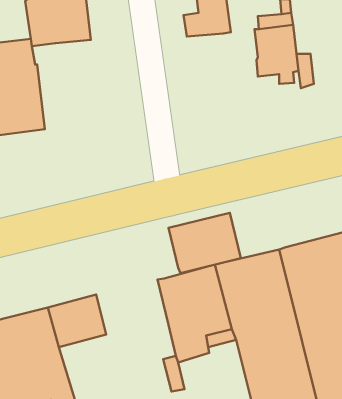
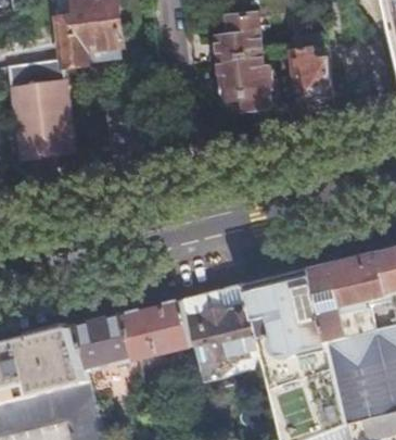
building: none -> [216,50,267,124]
building: [169,213,241,273] -> [125,299,197,360]

